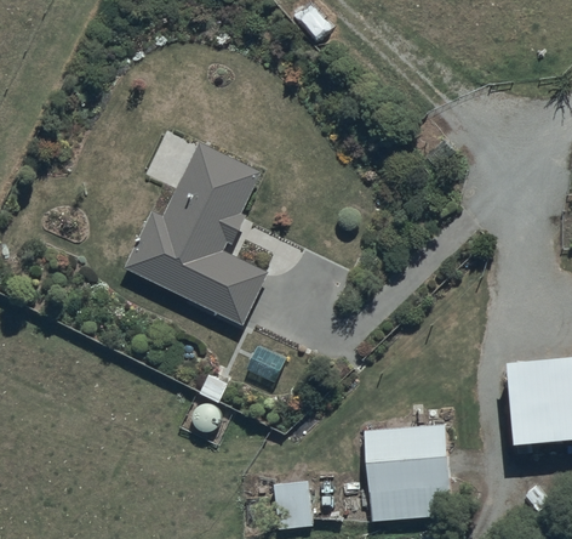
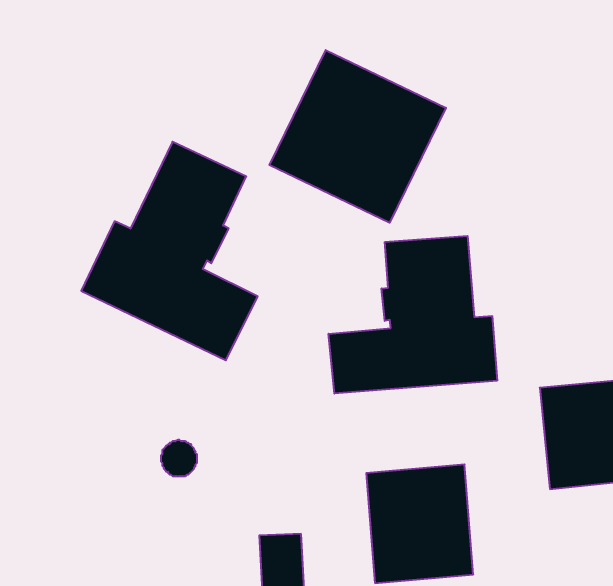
building: none -> [269,50,446,223]
building: none -> [329,236,497,394]

